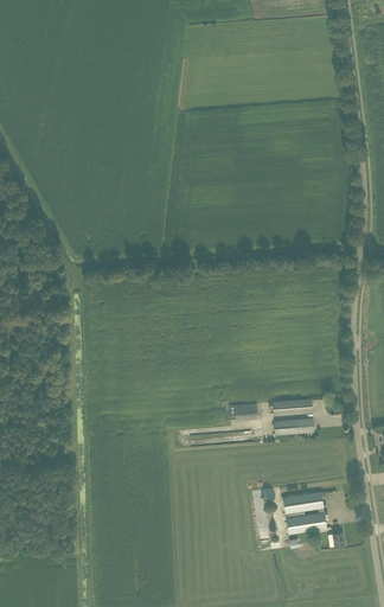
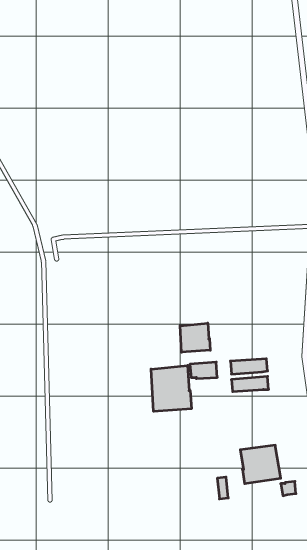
building: none -> [180,323,210,352]
building: none -> [151,365,191,411]

